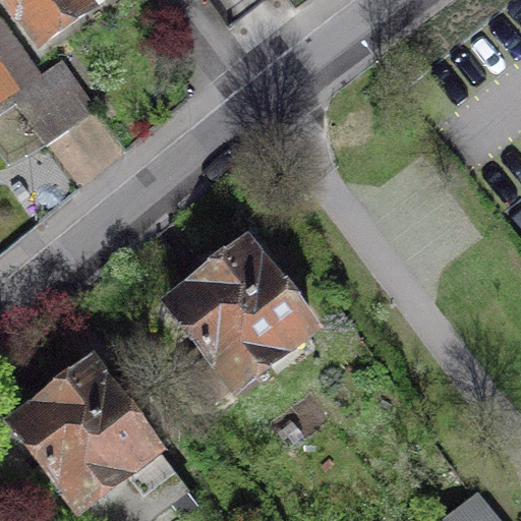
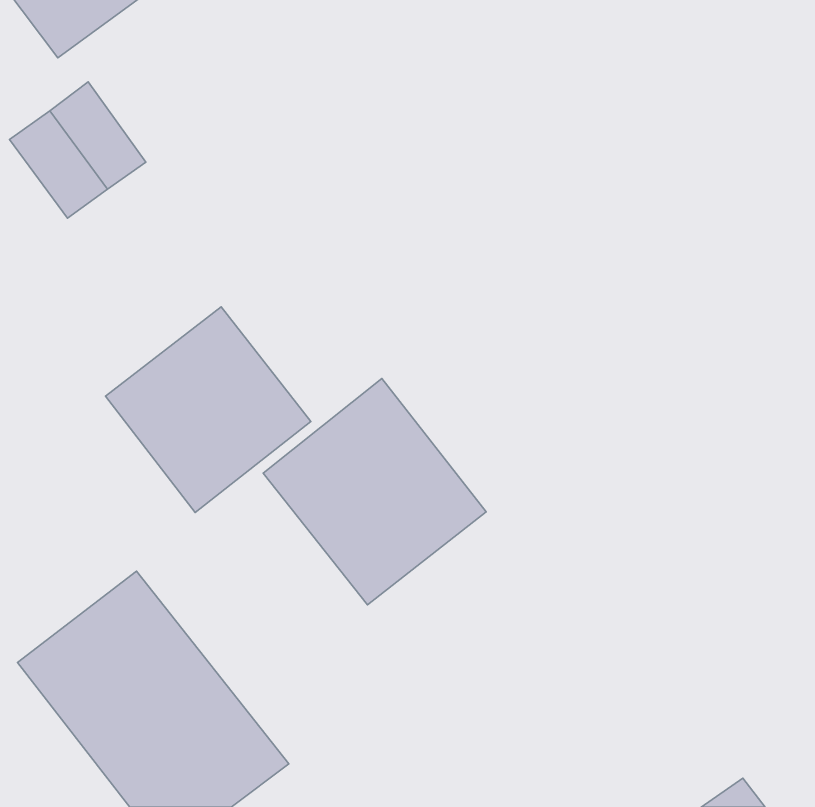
building: none -> [105,307,311,512]

